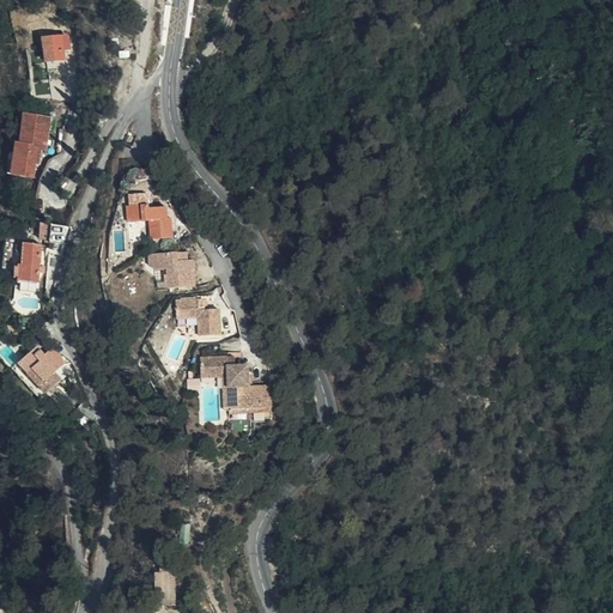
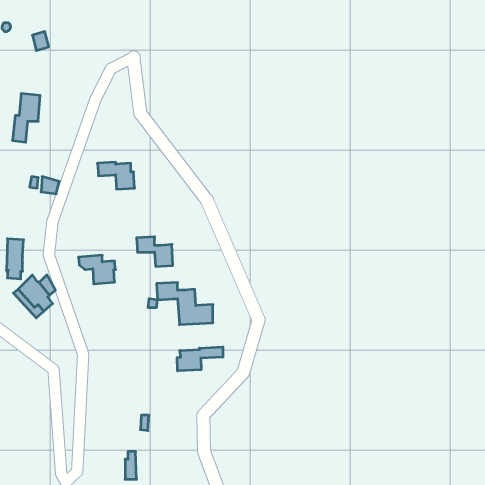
building: [23,243,44,293] -> [6,239,24,279]
building: [144,250,190,286] -> [78,255,116,284]
building: none -> [177,347,223,371]

